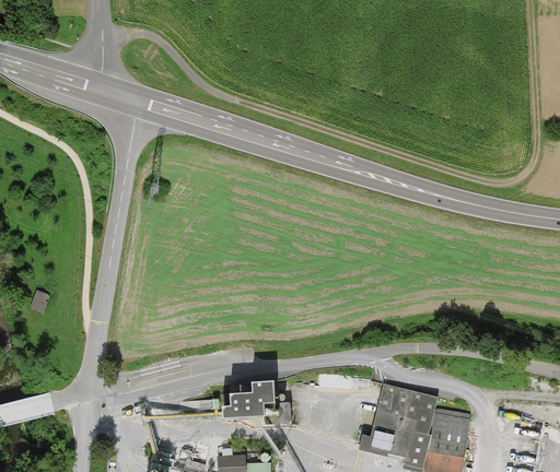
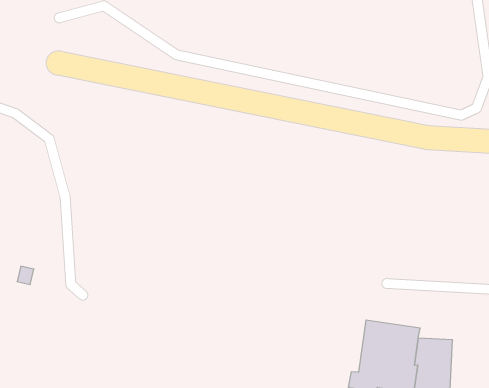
building: [222,380,276,418] -> none

